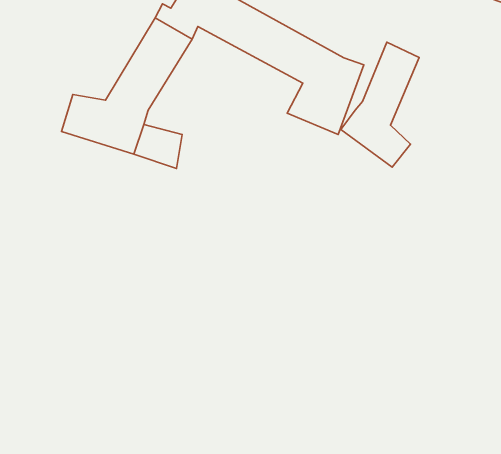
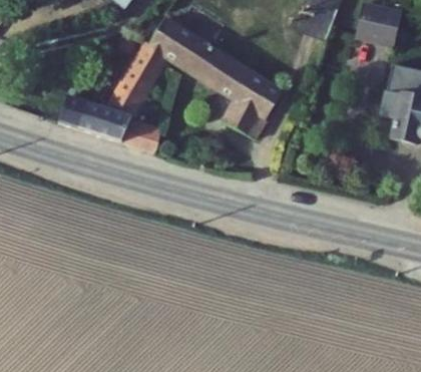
building: [341,42,419,167] -> none

